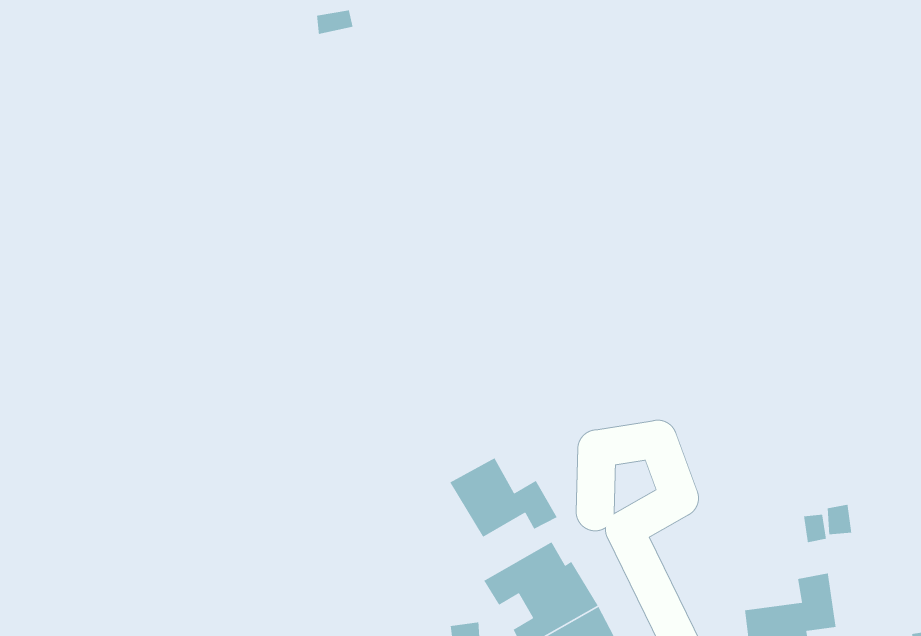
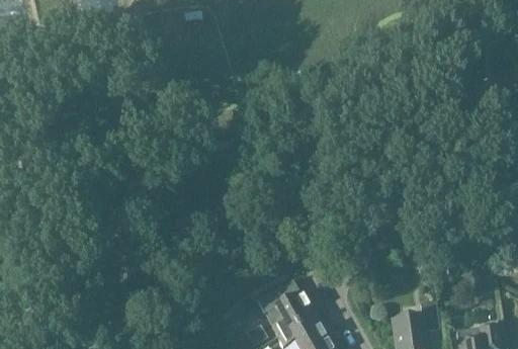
building: [449,457,558,538] -> none

